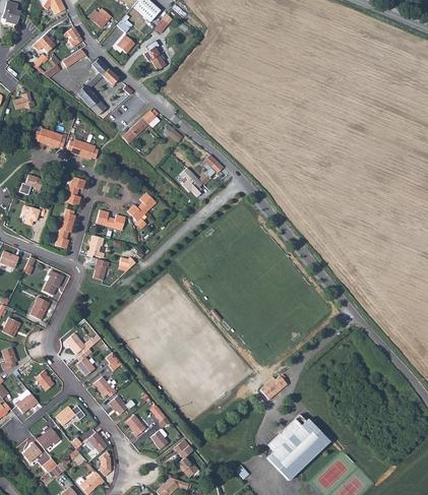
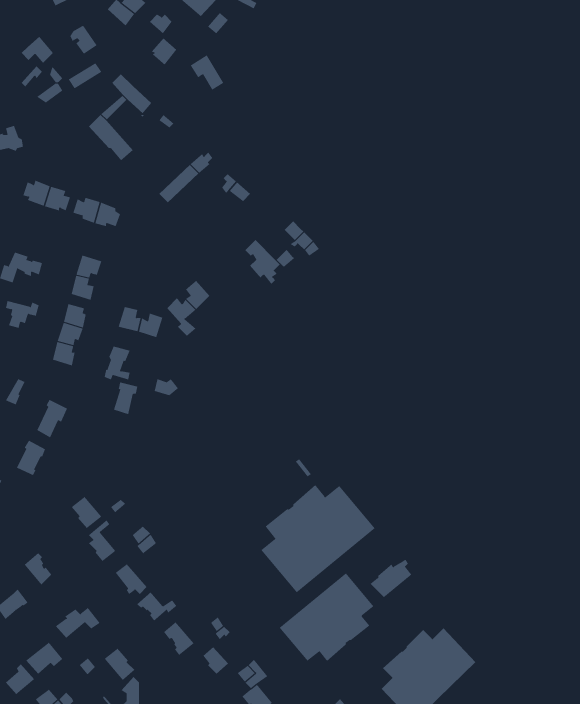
building: none -> [260,484,376,593]
building: none -> [279,573,374,662]

